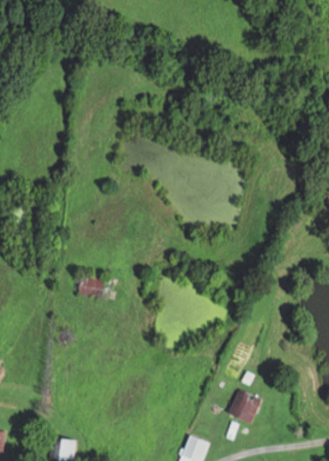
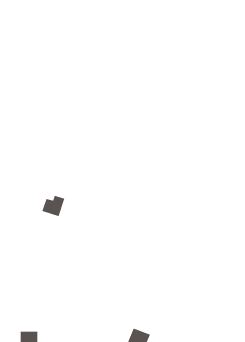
building: [228,389,262,425] -> none

